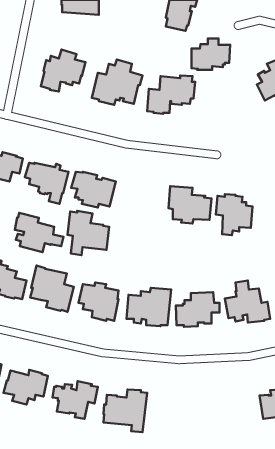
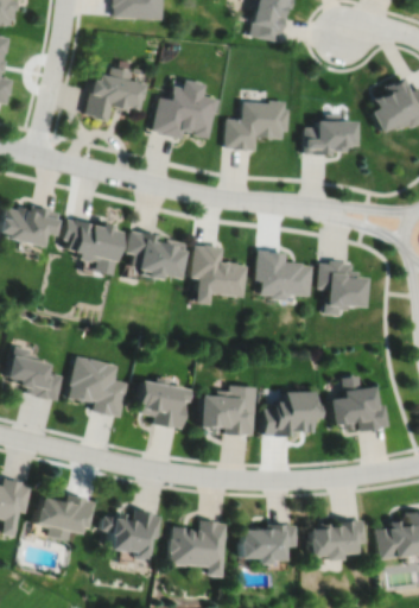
building: [192,39,230,70] -> [305,116,356,158]
building: [67,211,109,255] -> [189,243,245,303]
building: [15,213,63,252] -> none
building: none -> [307,520,366,562]
building: none -> [239,524,296,565]

